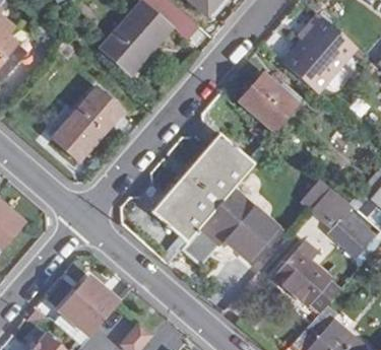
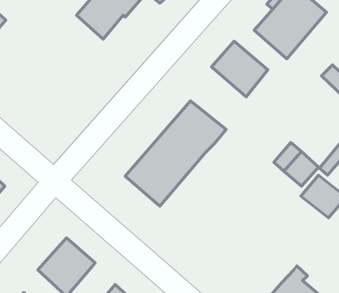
building: [53,87,122,160] -> none
building: [180,188,280,265] -> none
building: [276,237,341,307] -> none

